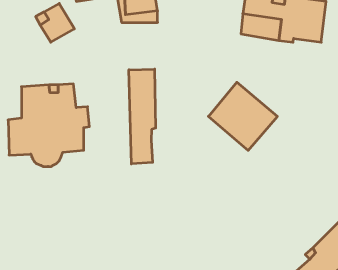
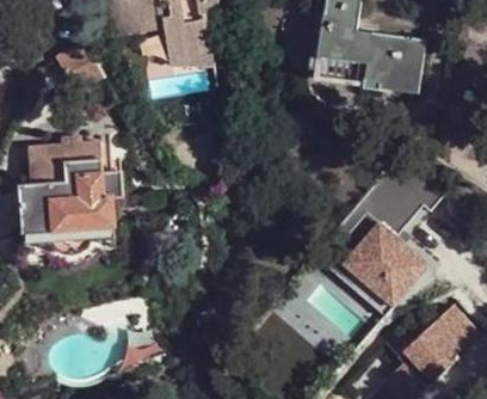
building: [129,69,156,164] -> none
building: [208,82,277,150] -> [344,220,431,306]

